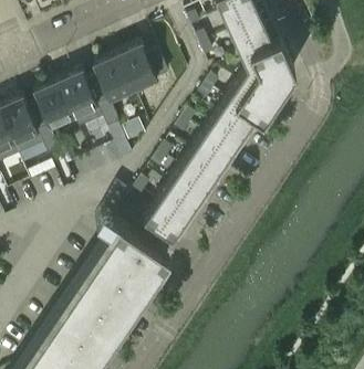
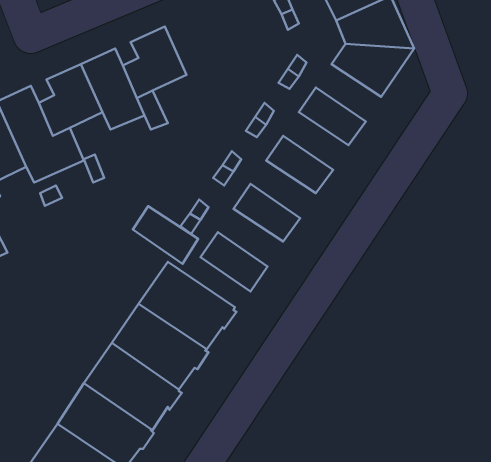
building: [118,44,169,89] -> none
building: [226,82,272,123] -> none
building: [202,116,249,157] -> none
building: [179,150,226,191] -> none
building: [156,184,202,225] -> [133,206,198,264]

